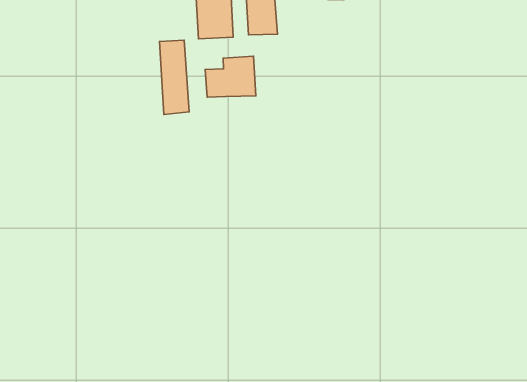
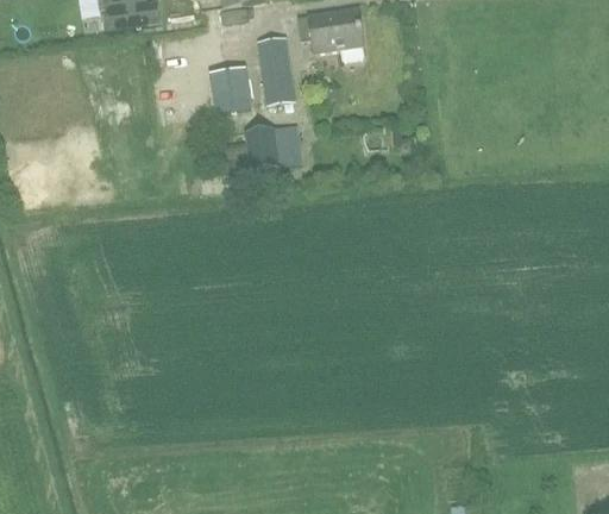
building: [159,40,189,115] -> none
building: none -> [274,123,302,165]

